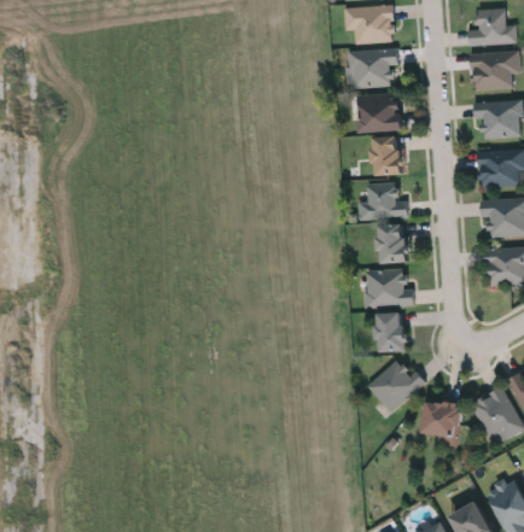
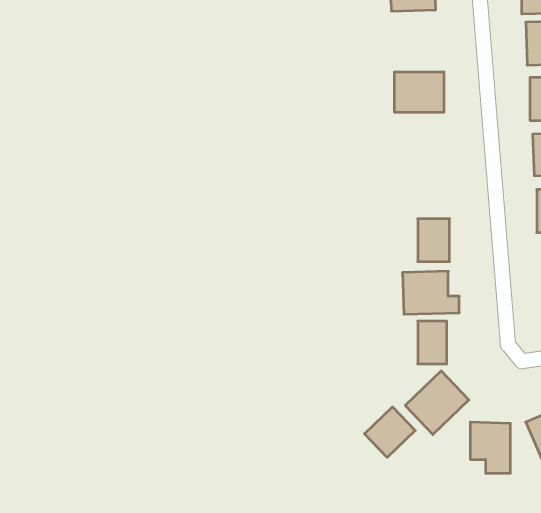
building: [349,48,396,87] -> none
building: [371,135,400,174] -> none
building: [357,182,407,218] -> none
building: none -> [364,407,415,457]

